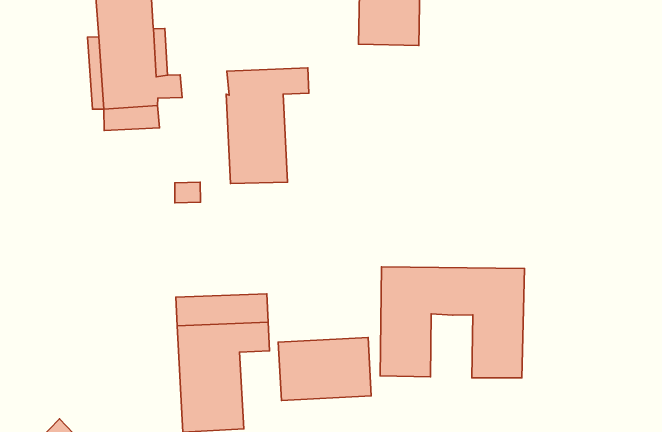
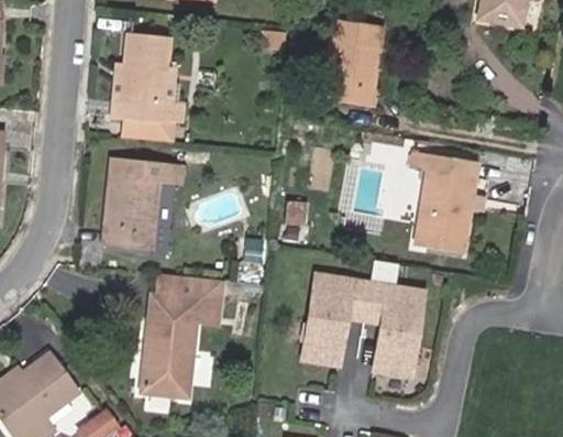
building: [226,68,309,184] -> [108,157,180,250]
building: none -> [411,152,477,252]
building: [278,337,371,401] -> none

